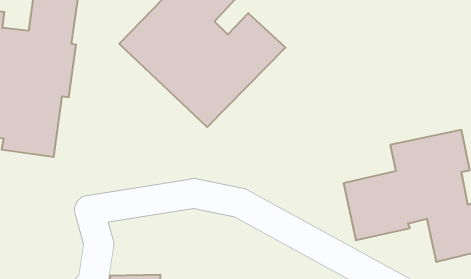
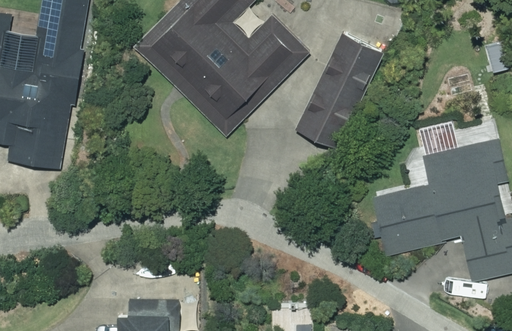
building: none -> [295,34,385,151]

